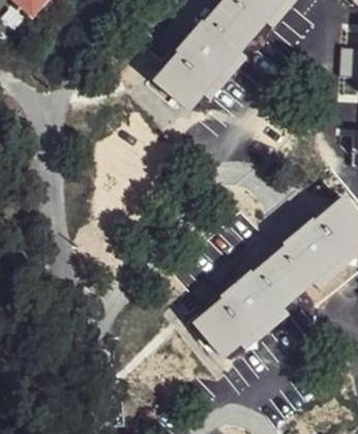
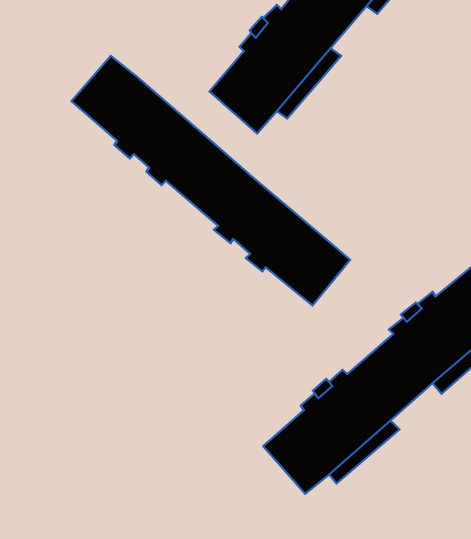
building: none -> [72,56,350,305]

